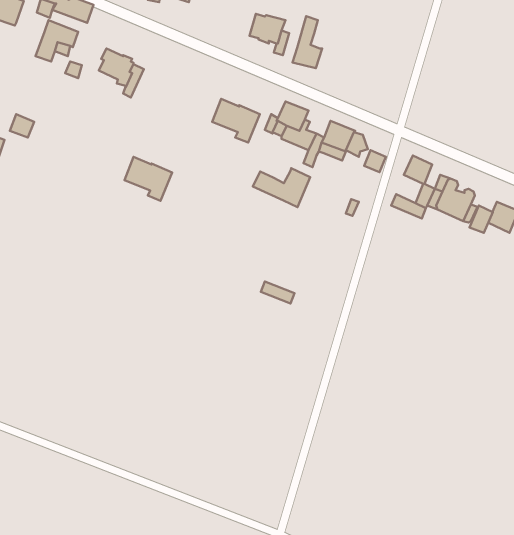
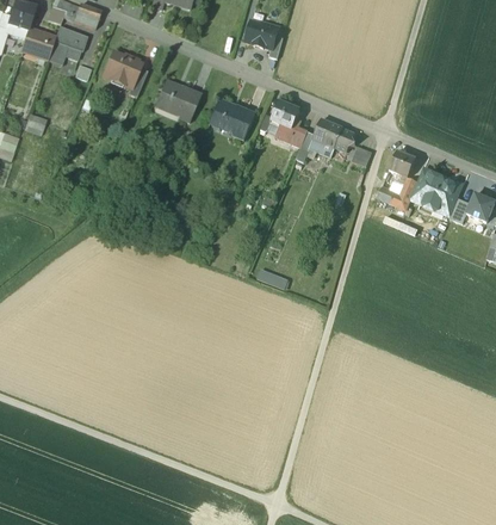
building: [293,16,322,68] -> none
building: none -> [23,27,56,58]
building: [125,157,172,201] -> [156,80,200,121]
building: [253,168,310,207] -> none

